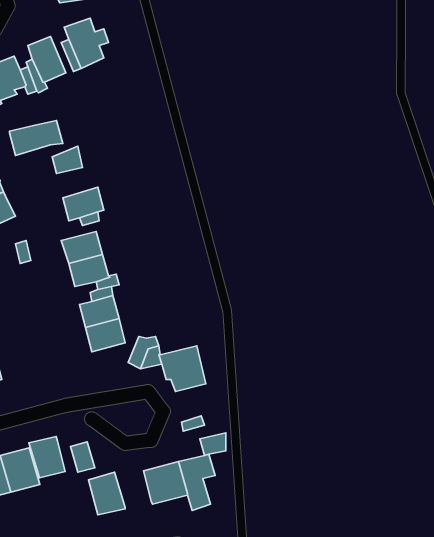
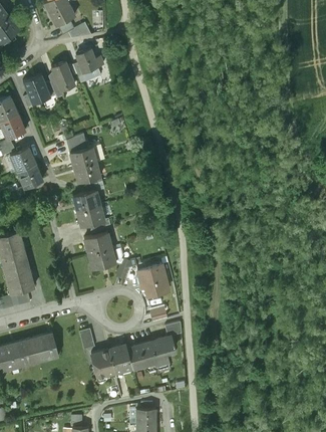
building: [9,121,63,156] -> [69,145,104,168]
building: [29,437,65,478] -> [107,345,131,372]

